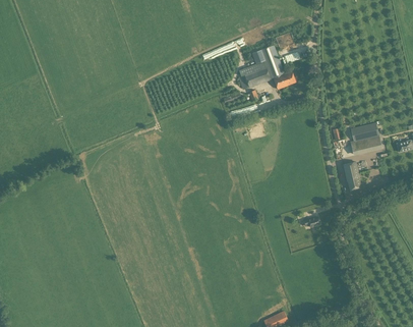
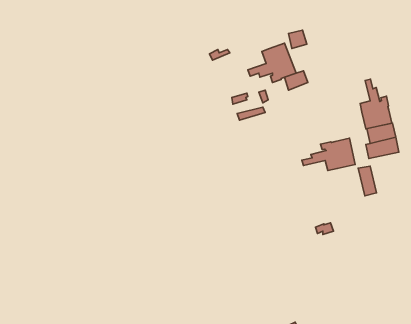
building: none -> [360,79,392,129]
building: none -> [302,138,355,170]

